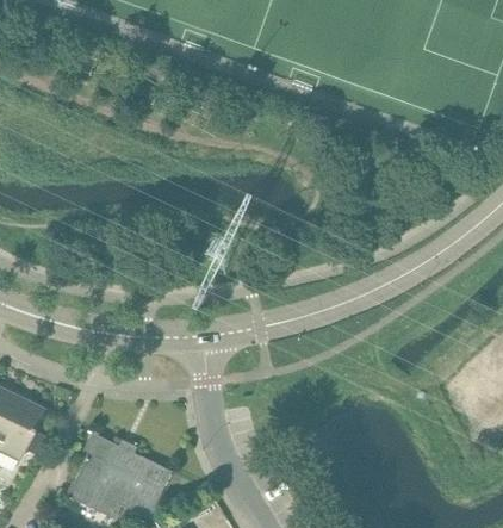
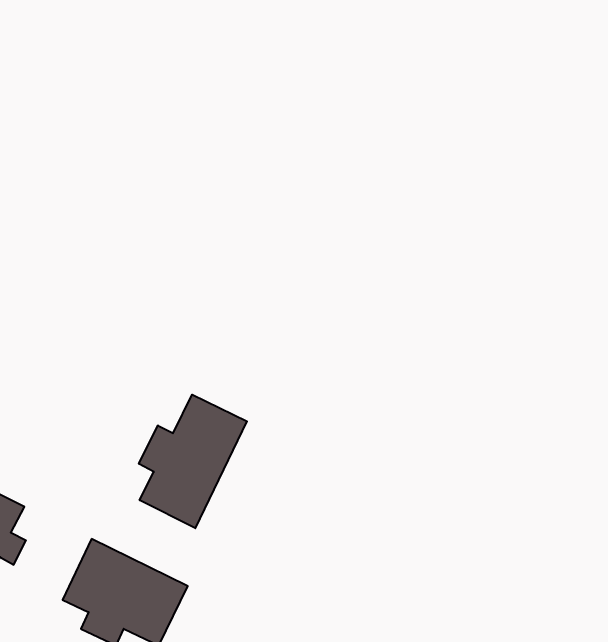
building: none -> [139,395,247,528]

